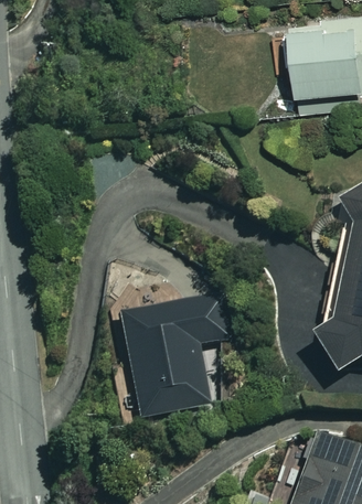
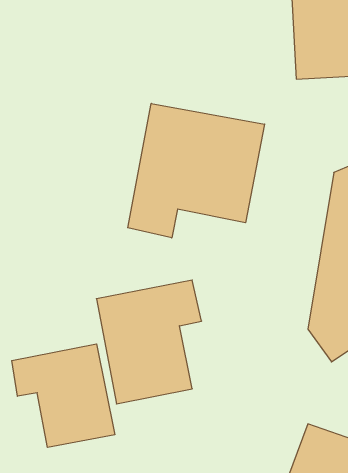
building: none -> [128,103,265,238]
building: none -> [12,344,115,447]

